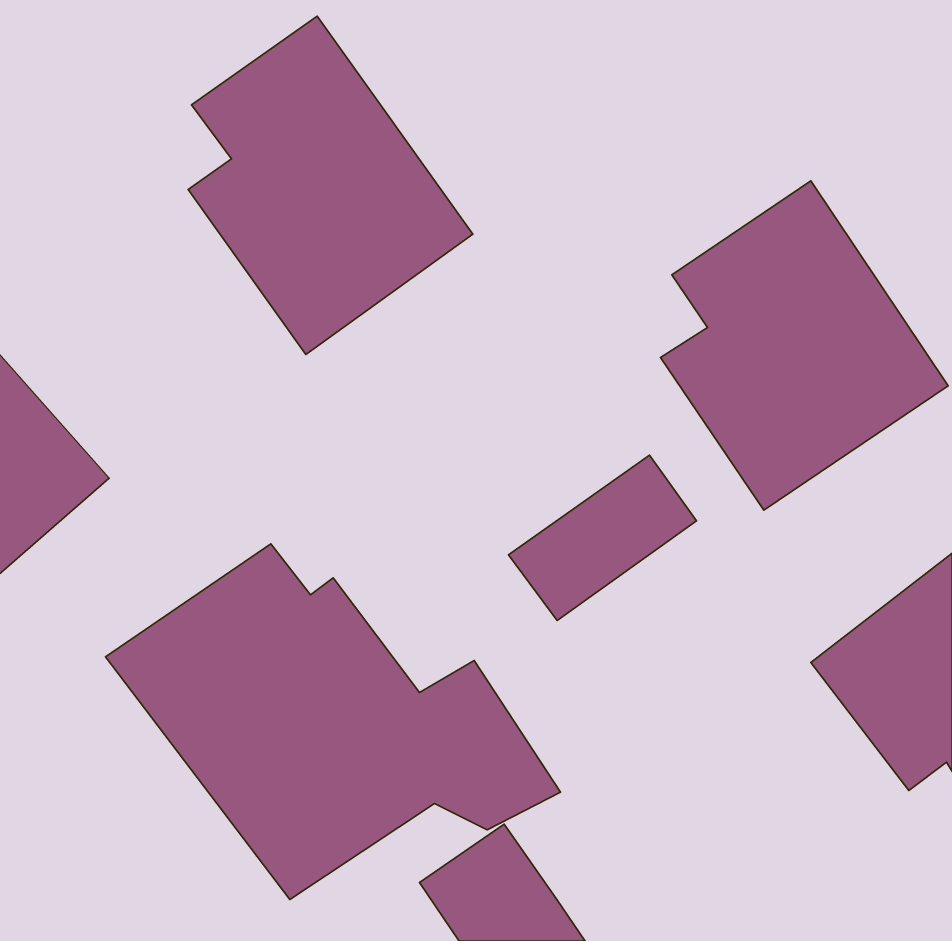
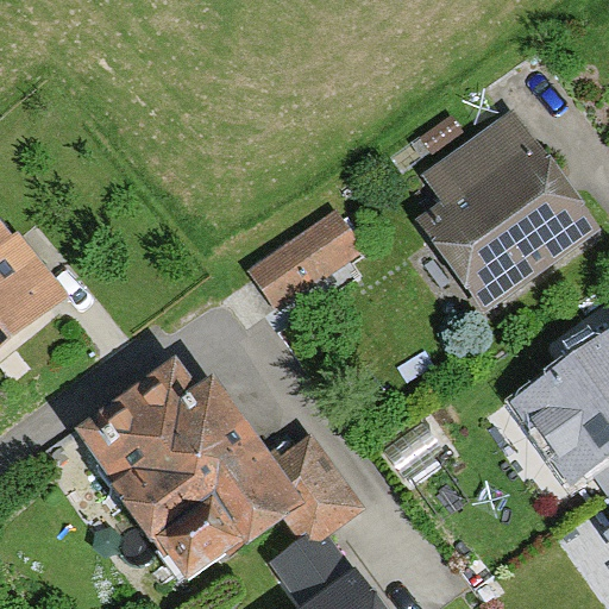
building: [188,16,473,355] -> none
building: [508,455,696,621] -> [249,208,368,313]

